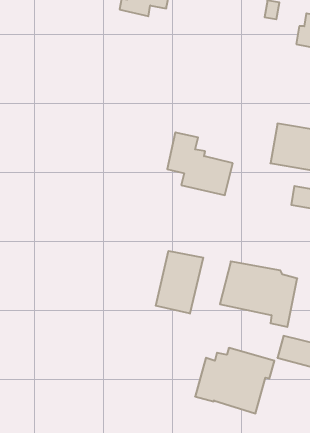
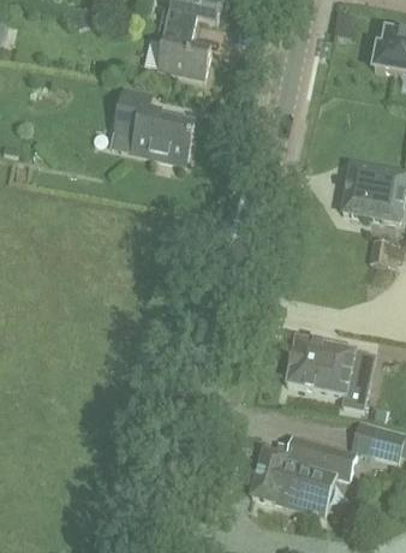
building: none -> [156,26,210,82]
building: [167,132,233,195] -> [114,90,193,166]
building: [156,251,203,314] -> none

